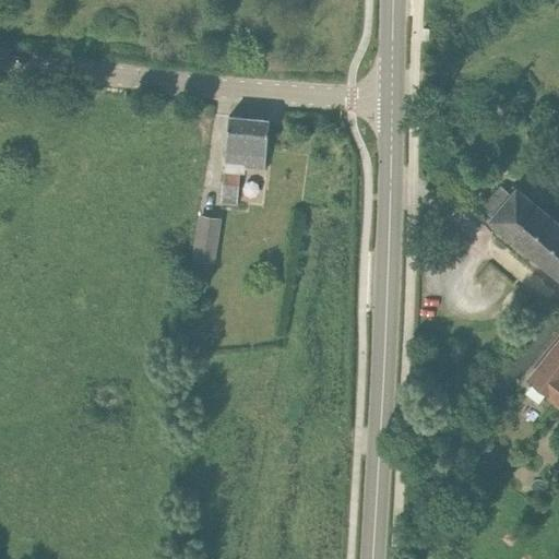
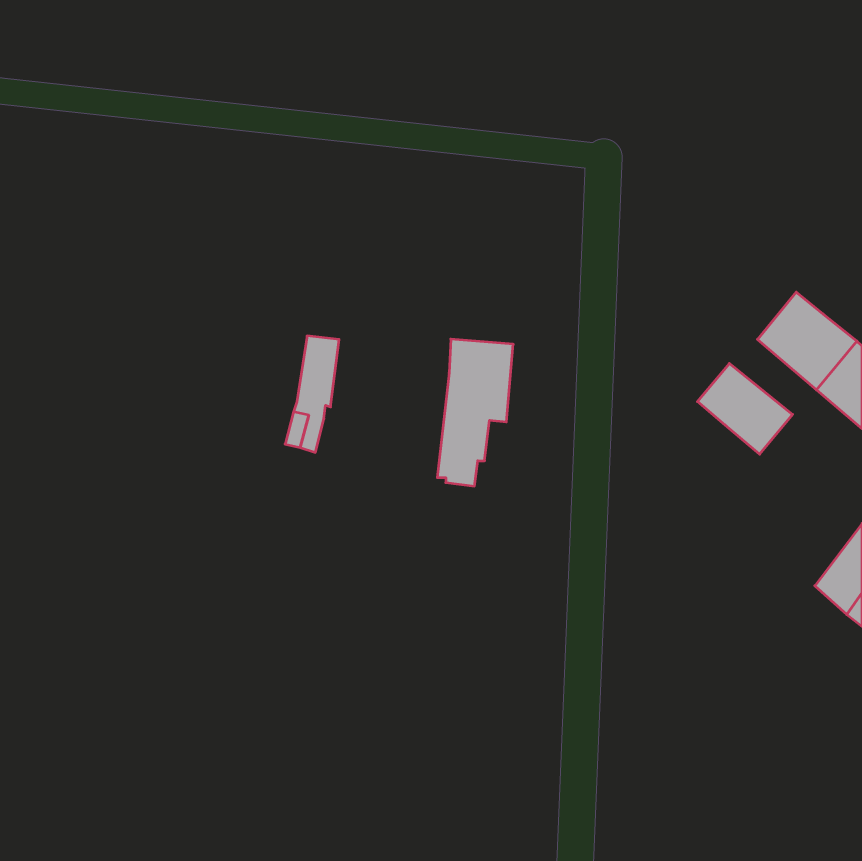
building: [219,117,269,212] -> [437,339,513,486]
building: none -> [697,363,793,454]

